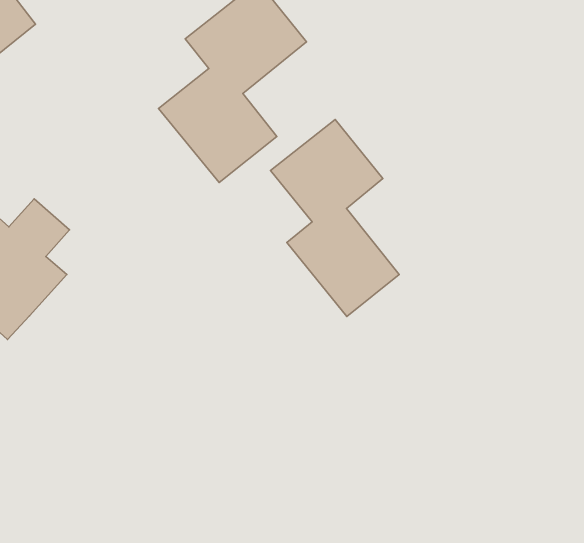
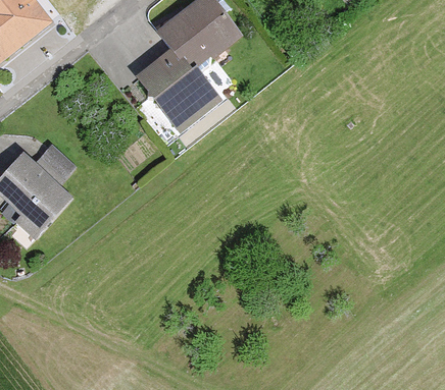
building: [270,120,399,316] -> none

